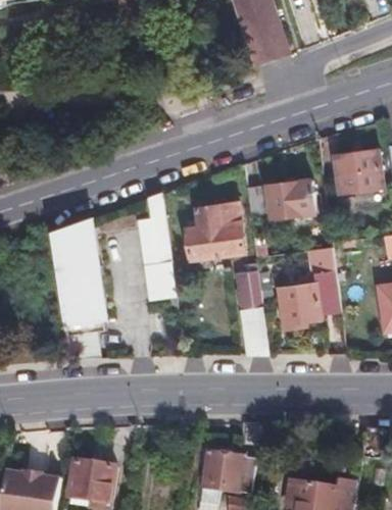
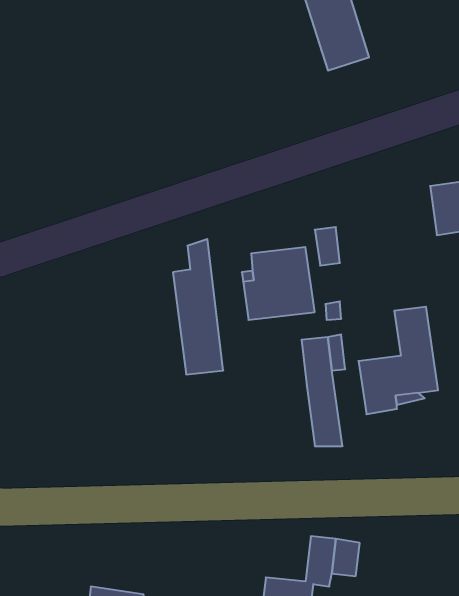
building: [266,176,315,217] -> none
building: [51,217,105,358] -> none

